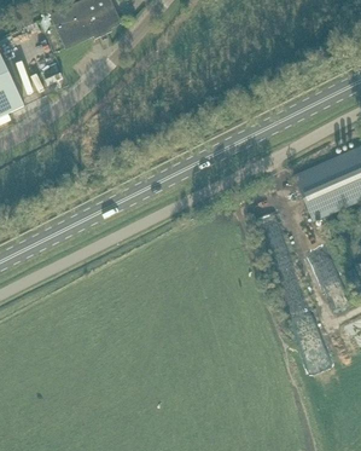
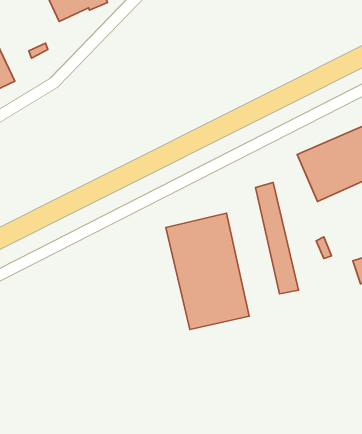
building: none -> [166,213,249,330]

